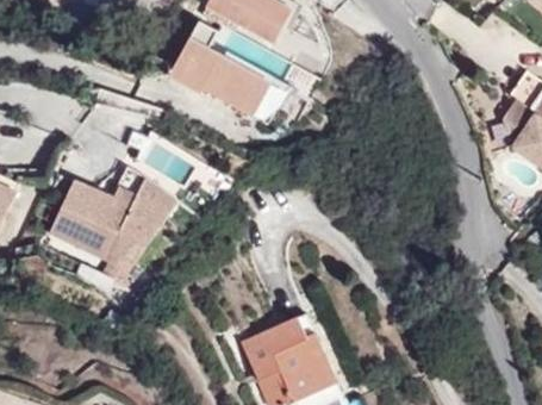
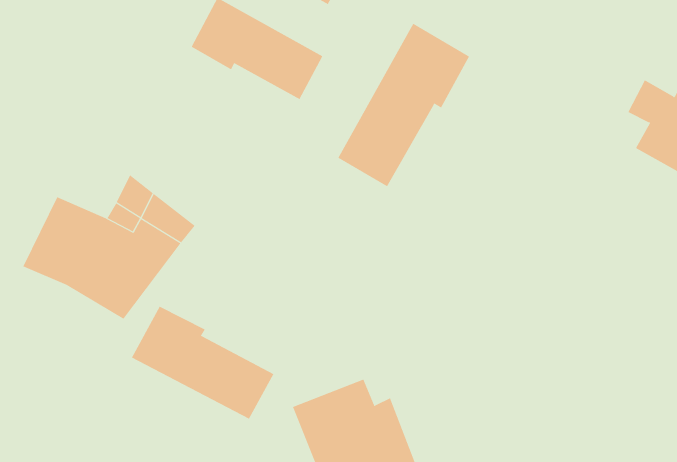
building: none -> [338,23,470,187]
building: none -> [131,306,274,419]

